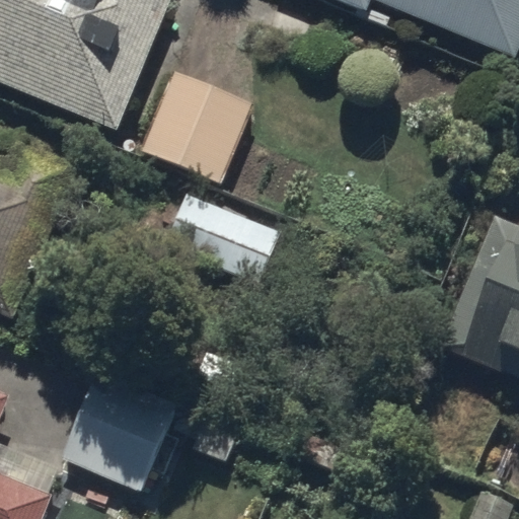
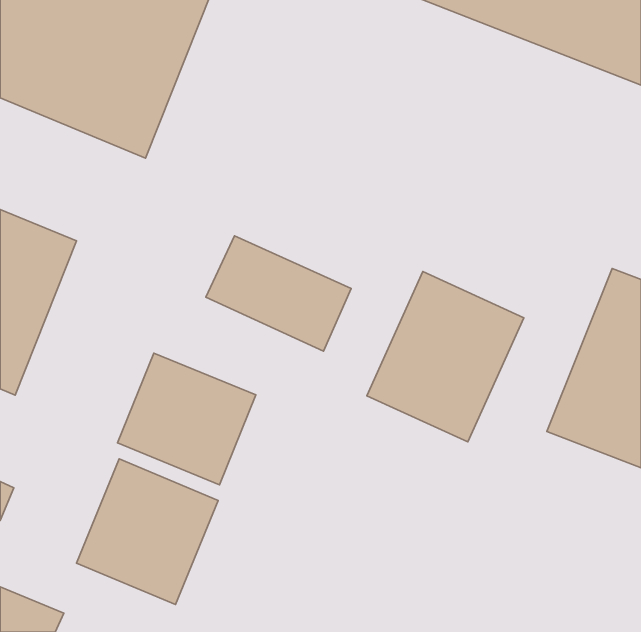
building: [139,71,254,183] -> none
building: none -> [367,272,524,442]
building: none -> [118,353,256,485]

